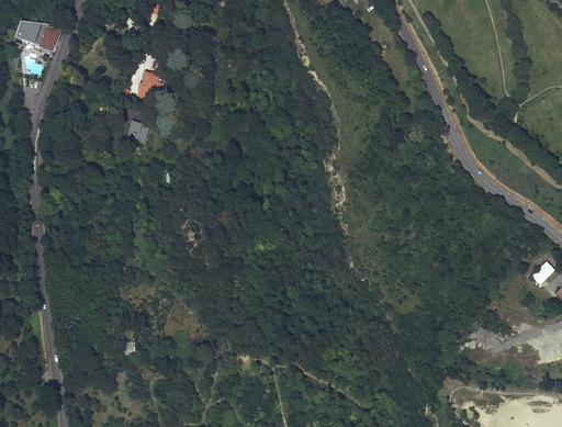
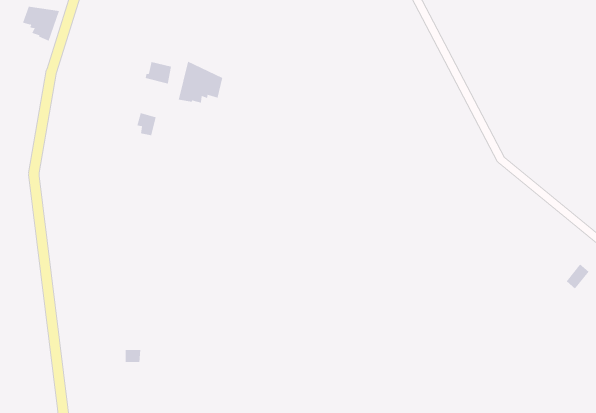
building: none -> [178,61,223,103]

